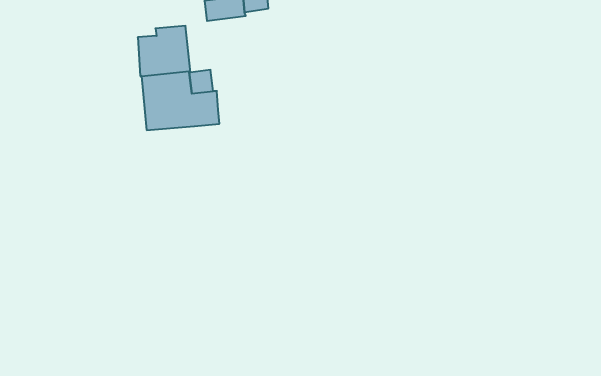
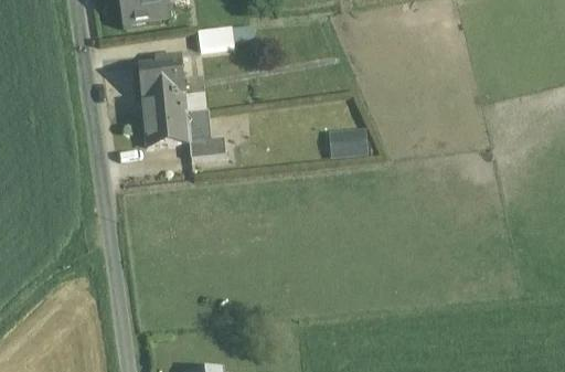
building: none -> [188,126,225,158]
building: none -> [329,126,367,155]

